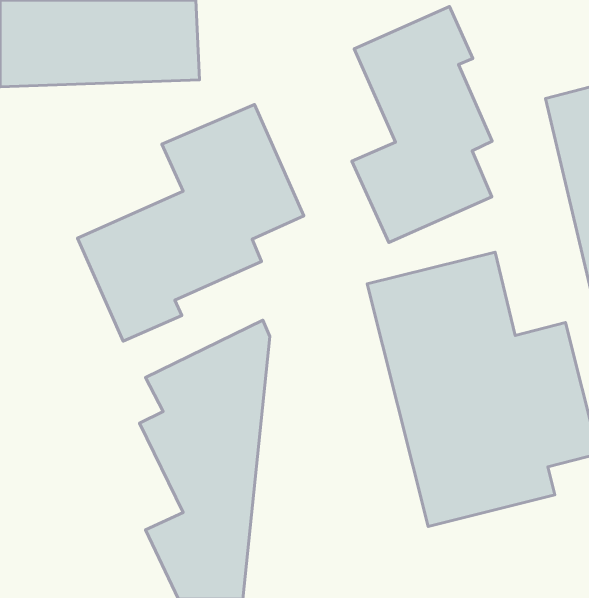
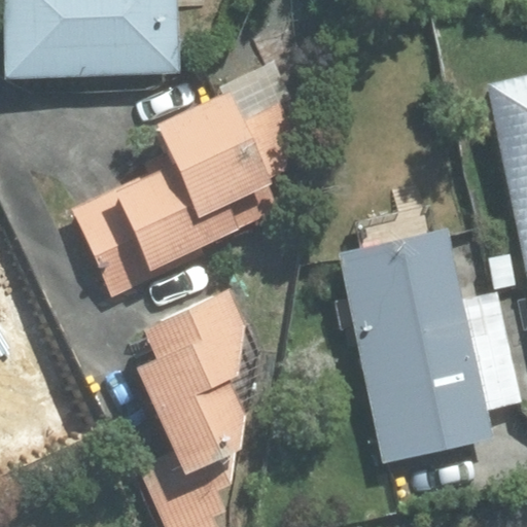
building: [352,7,492,242] -> none

